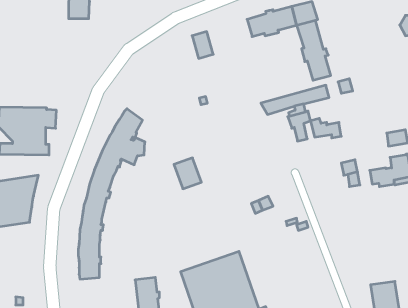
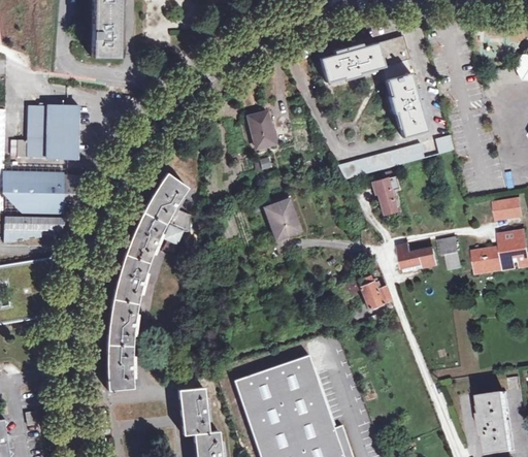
building: [192,32,213,58] -> [250,116,276,150]
building: none -> [19,105,78,159]
building: [310,118,341,138] -> [398,244,437,269]
building: [174,158,201,189] -> [265,198,300,237]
building: none -> [357,275,392,307]

